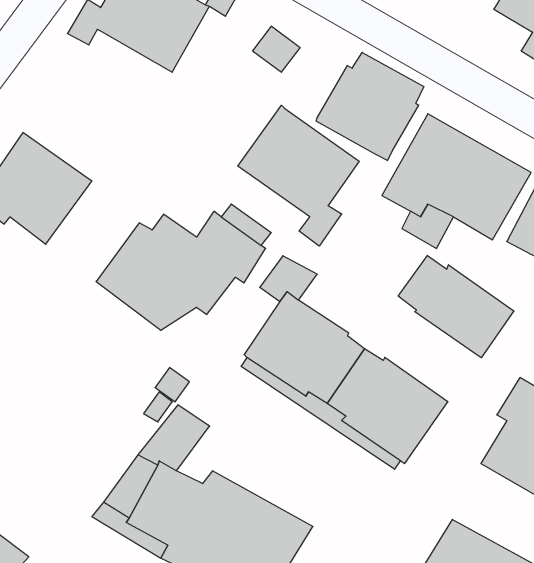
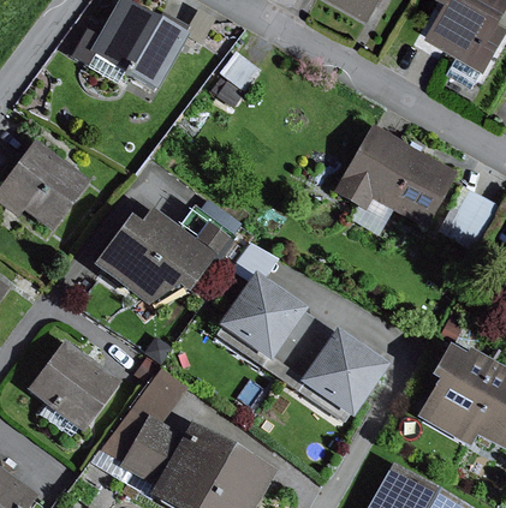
building: [316,52,424,161] -> none
building: [238,105,359,246] -> none
building: [398,255,514,358] -> none
building: none -> [26,339,121,431]

